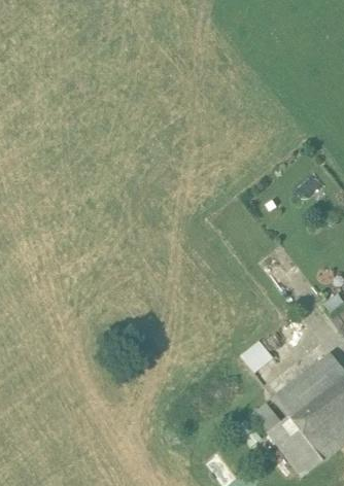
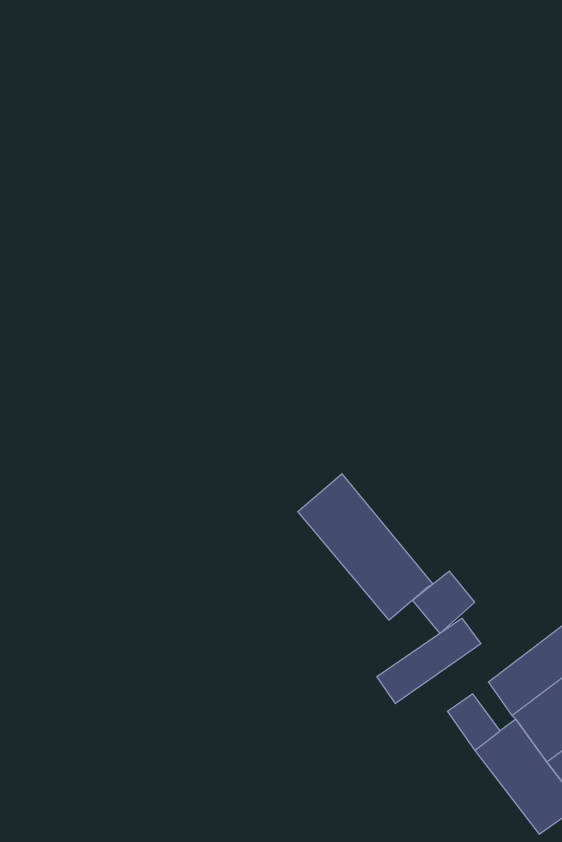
building: none -> [298,474,433,620]
building: none -> [377,618,481,704]

